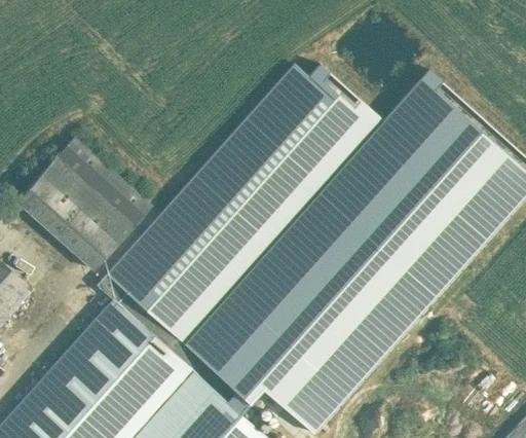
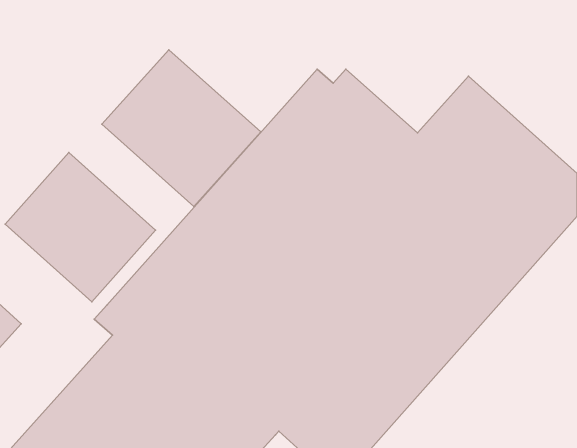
building: none -> [102,50,261,206]

